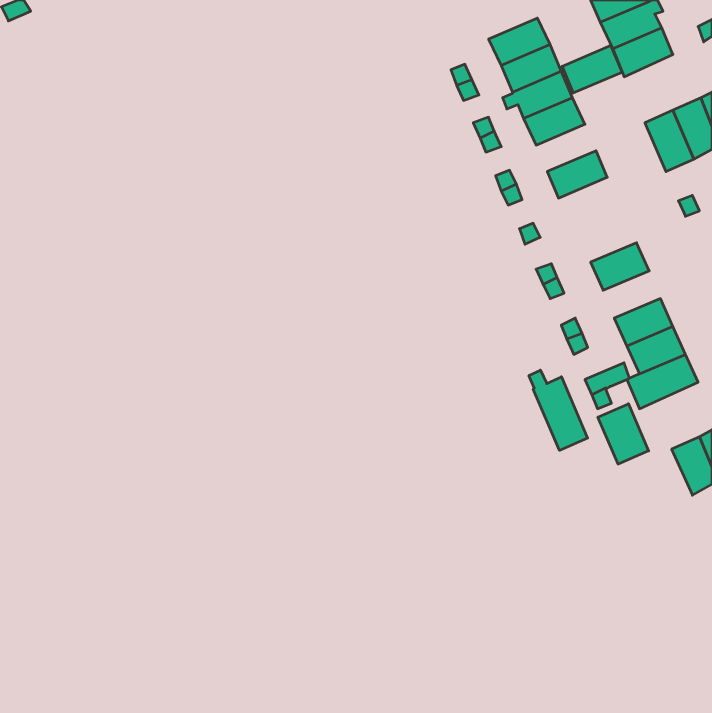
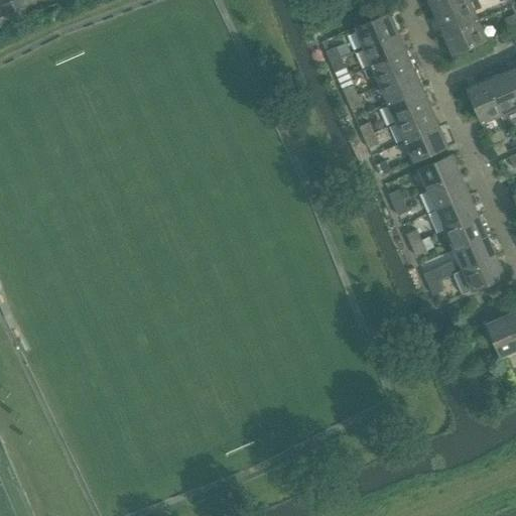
building: [562,45,622,93] -> [387,90,430,124]
building: none -> [403,128,446,162]
building: none -> [417,155,460,189]
building: none -> [435,196,477,230]
building: [529,370,588,450] -> none
building: [598,404,649,464] -> none

